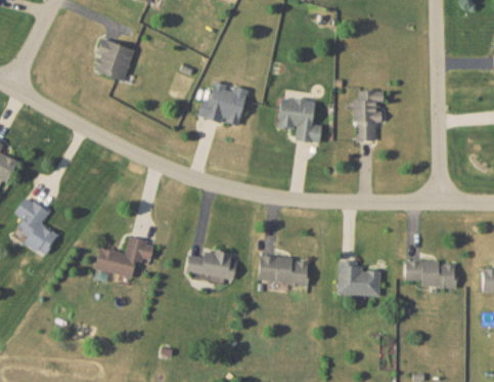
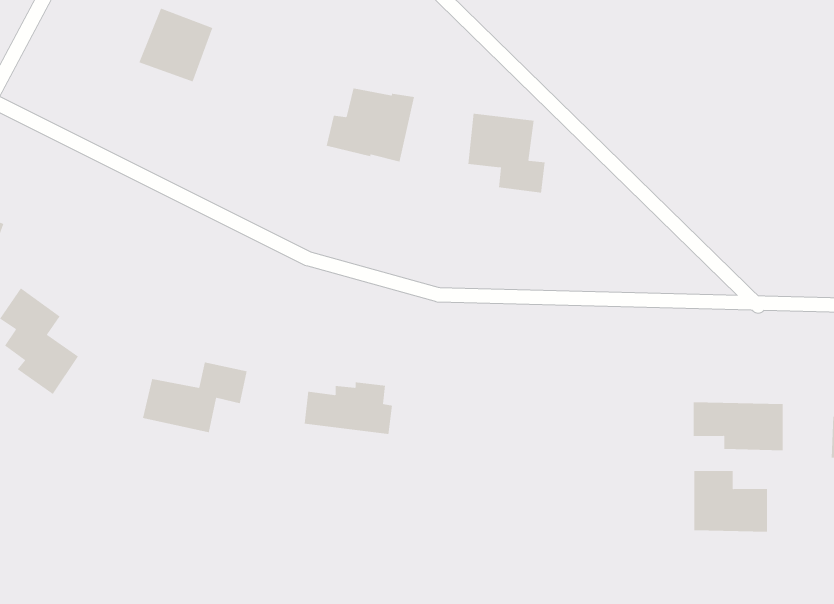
building: [355,91,385,142] -> none
building: [259,256,310,285] -> none
building: [339,261,380,296] -> [693,470,768,532]

